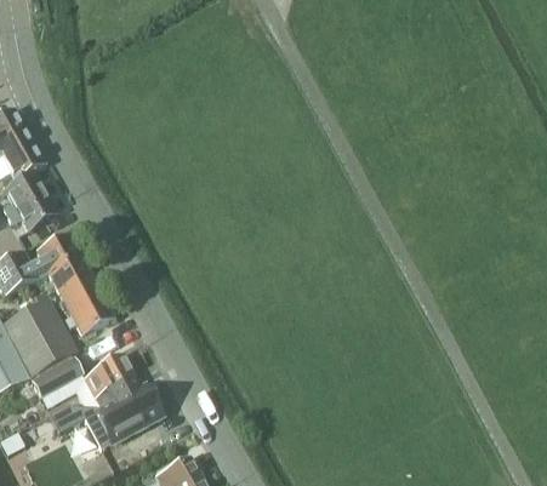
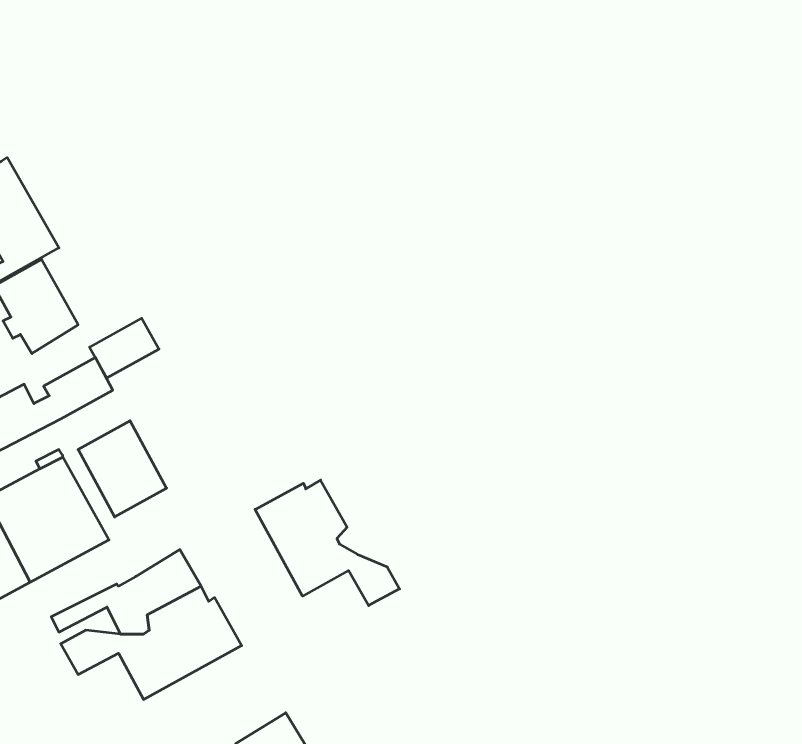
building: [47,253,91,291] -> [90,318,159,378]
building: none -> [255,480,400,606]
building: [32,356,84,398] -> none

